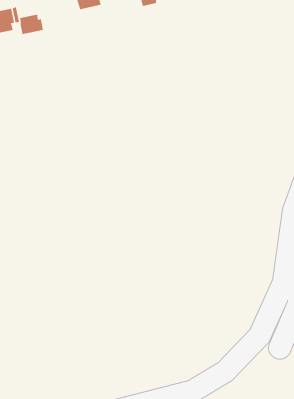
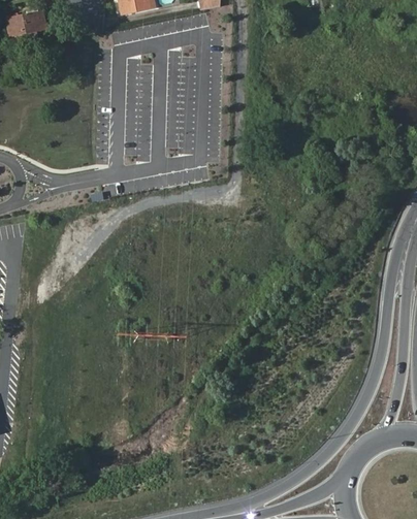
building: [20,14,44,35] -> none

